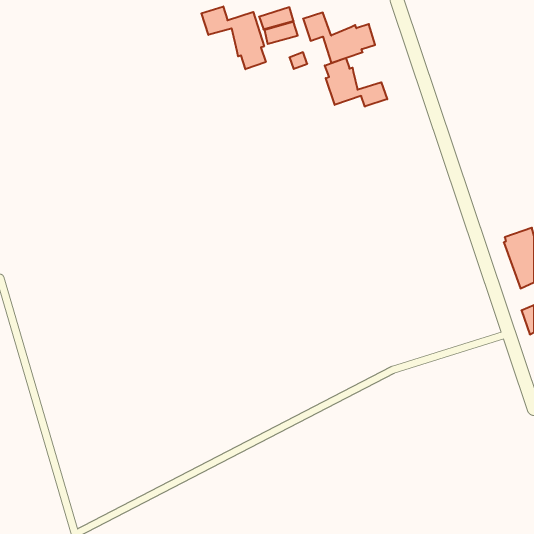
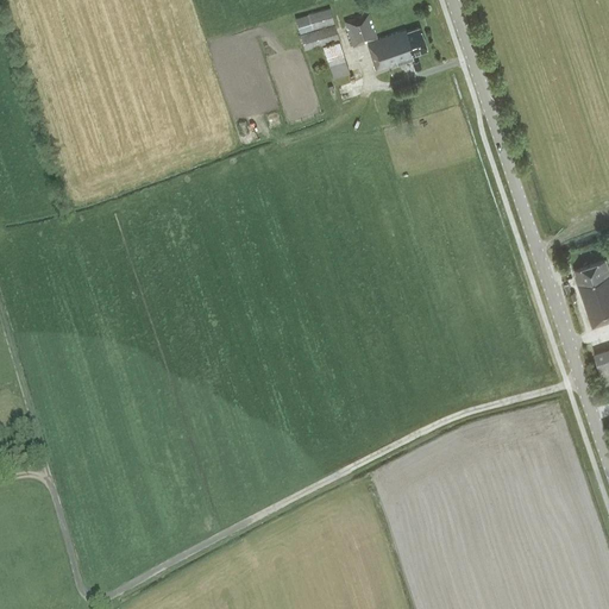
building: [201,6,266,69] -> none
building: [325,58,387,107] -> none

